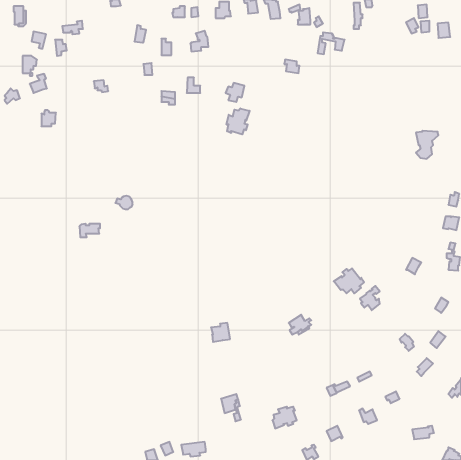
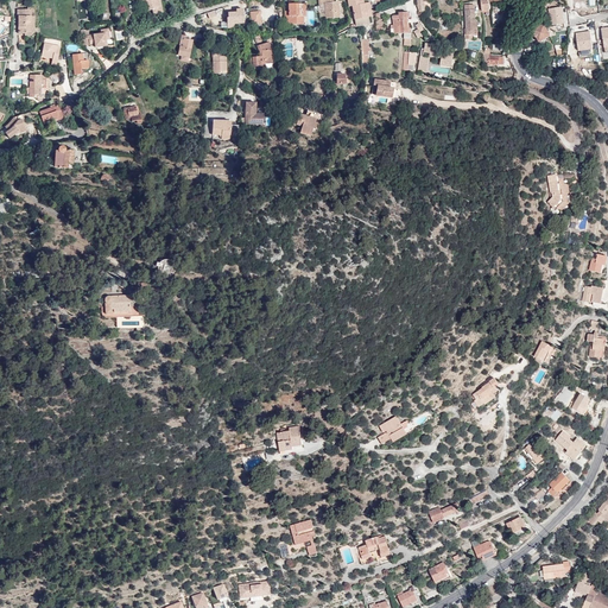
building: [227,108,250,134] -> none
building: [334,268,364,293] -> none

